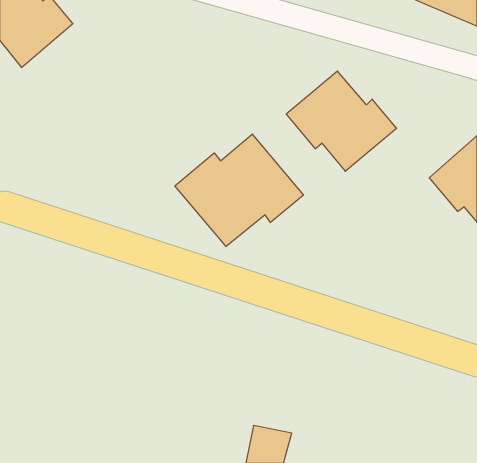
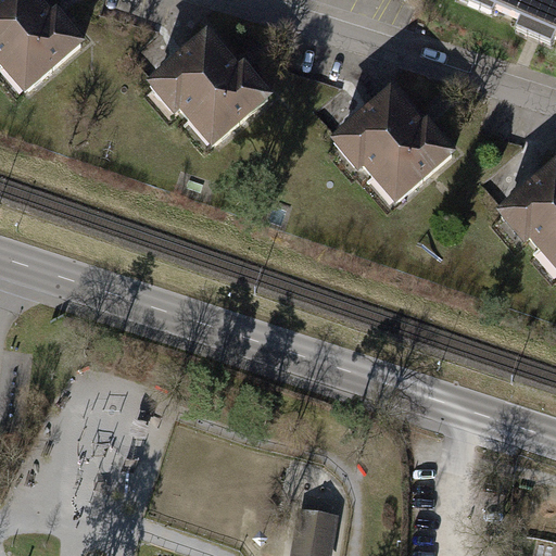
building: none -> [144,33,273,149]
building: [175,134,303,247] -> none

